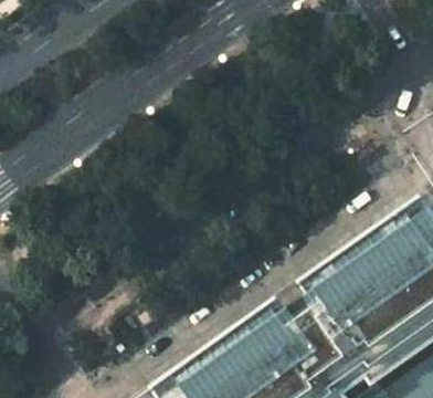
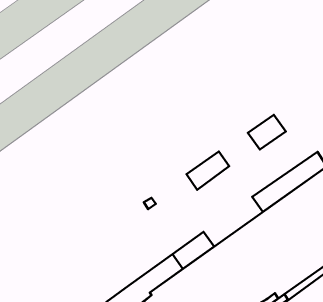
building: none -> [248,115,286,150]
building: [298,259,352,307] -> [187,152,229,190]

